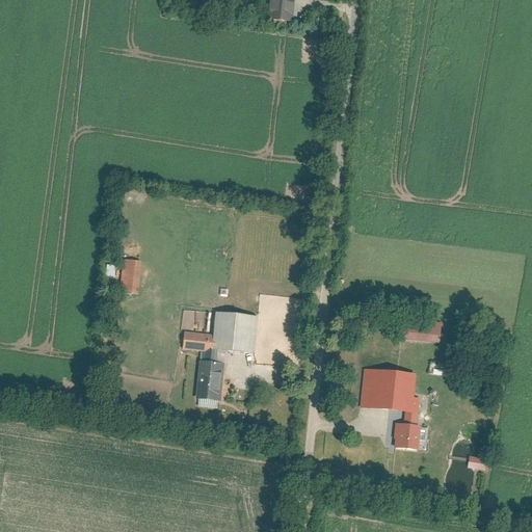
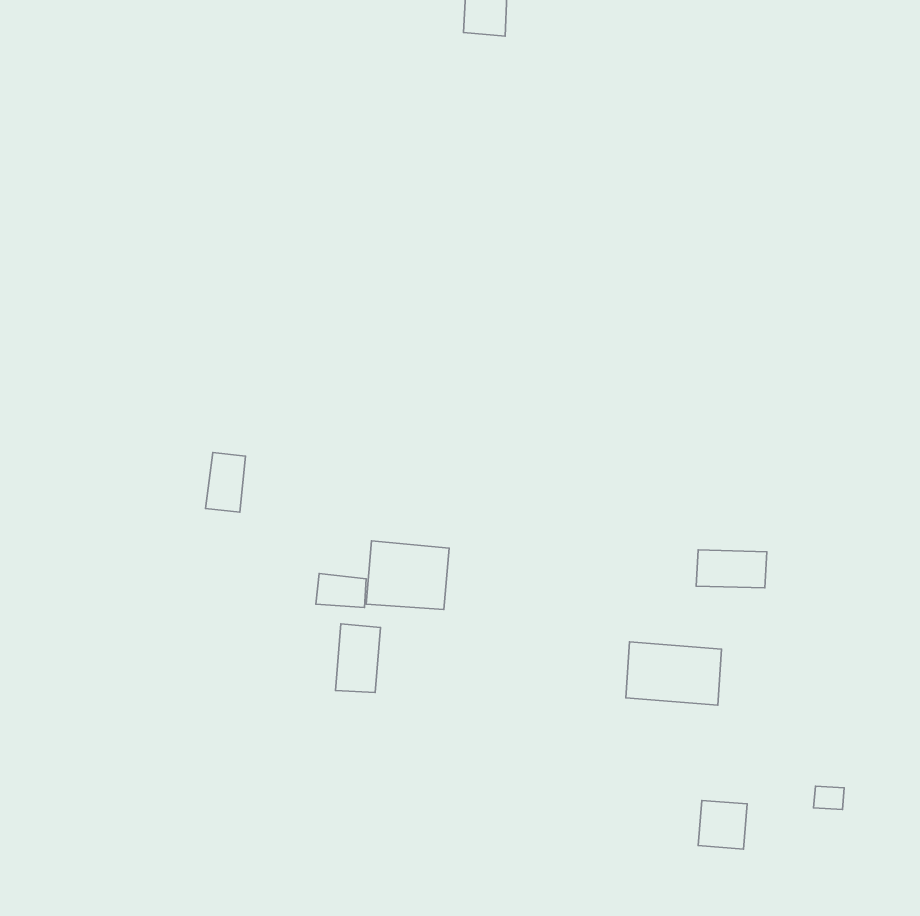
building: [393,422,421,450] -> [698,800,747,849]

